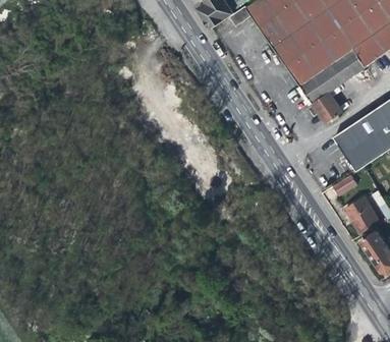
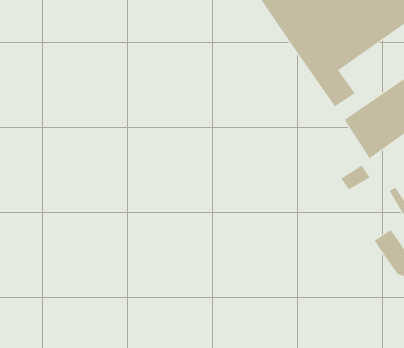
building: [345,197,380,236] -> none

